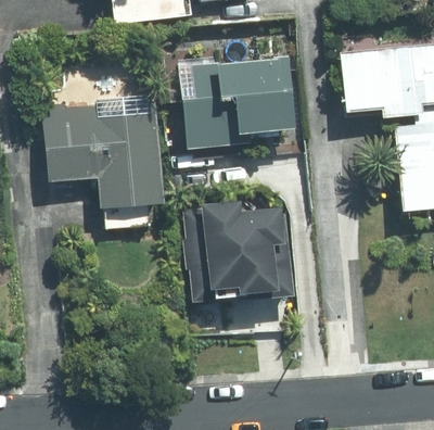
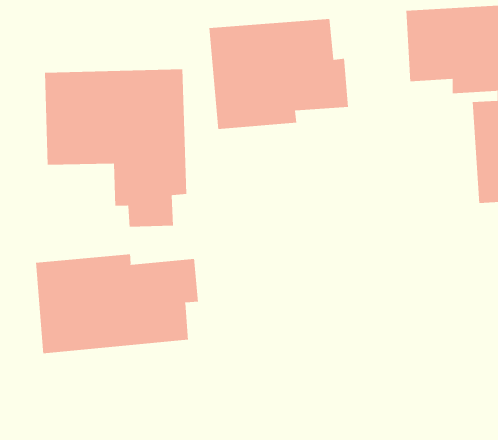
building: [183,201,280,301] -> none
building: none -> [36,254,199,354]

